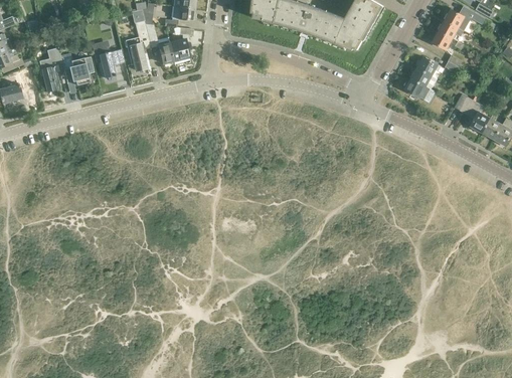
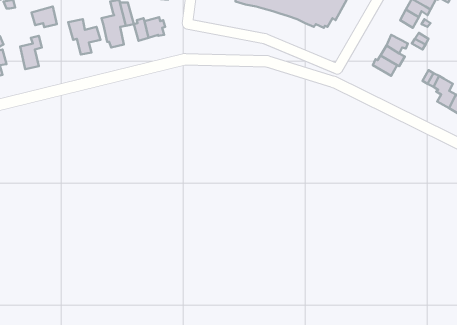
building: [63,63,90,84] -> [31,7,57,27]

